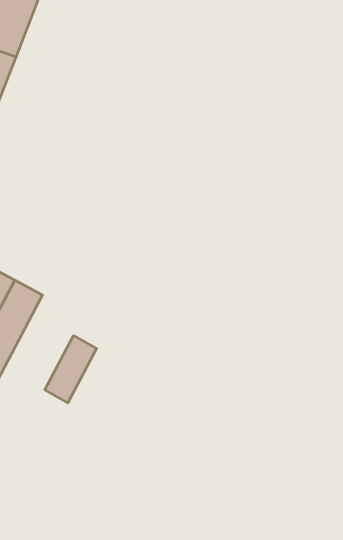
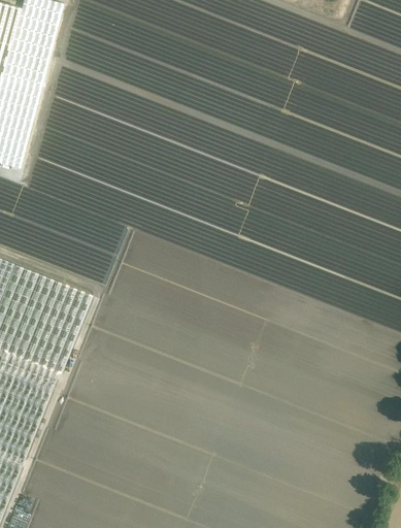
building: [45,336,97,403] -> none

